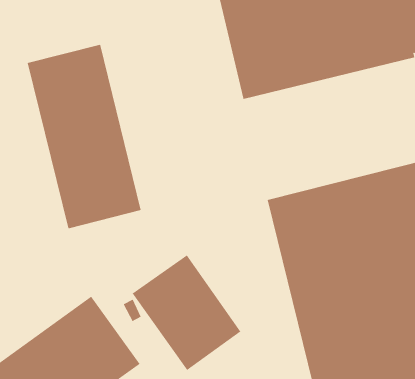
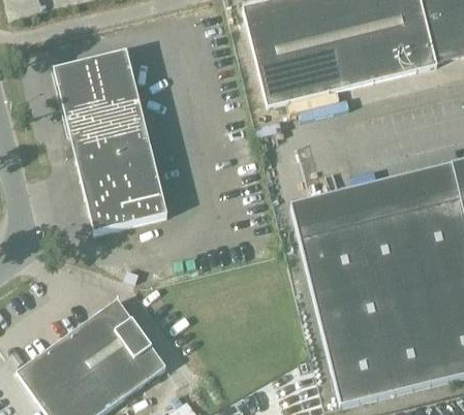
building: [132,255,241,371] -> none

